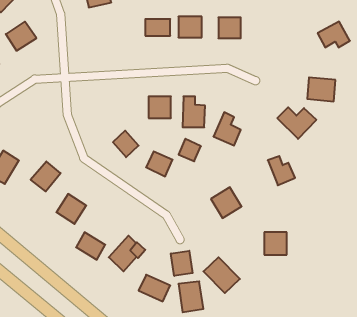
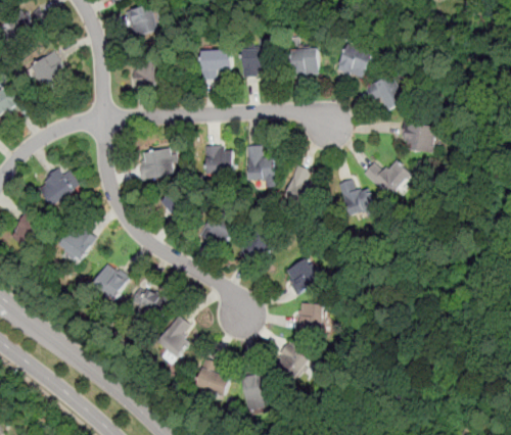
building: none -> [335,43,372,79]
building: [318,22,350,47] -> [365,72,405,104]
building: none -> [131,61,161,86]
building: none -> [138,147,177,179]
building: none -> [37,166,81,208]
building: [179,139,201,161] -> [246,229,274,256]
building: [268,156,295,185] -> [337,179,371,214]
building: [76,232,105,260] -> [134,285,170,319]
building: [264,232,287,255] -> [294,302,322,330]
building: [171,251,193,276] -> none

